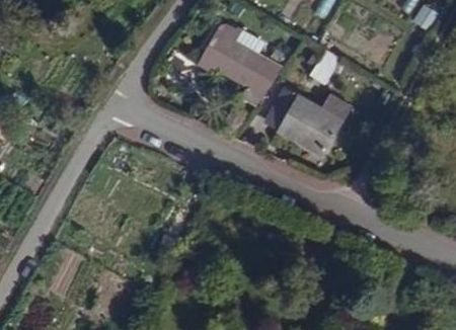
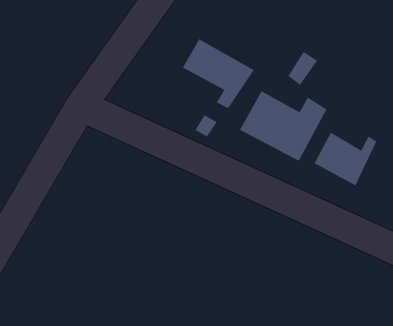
building: none -> [313,132,377,187]

